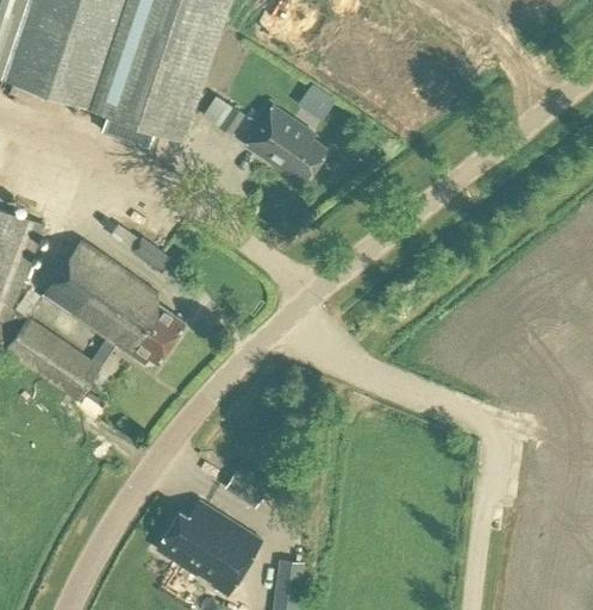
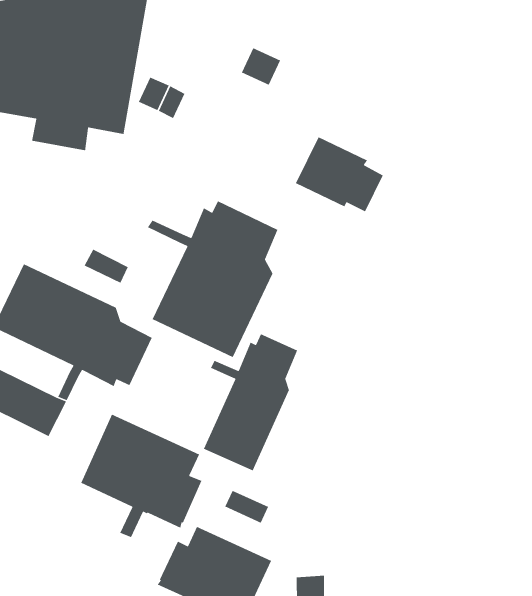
building: [248,106,329,181] -> [295,136,384,212]
building: none -> [147,200,279,358]
building: none -> [203,333,298,471]
building: none -> [80,414,202,538]

